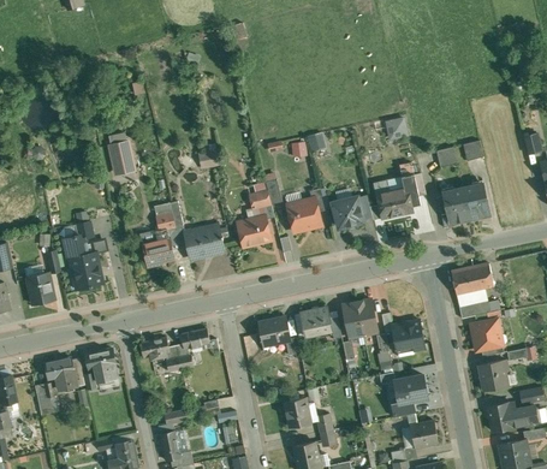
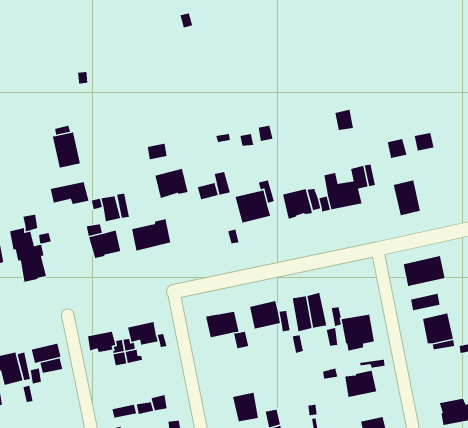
building: [463,183,489,219] -> none
building: none -> [50,181,89,205]
building: [237,215,270,247] -> [154,168,189,200]
building: [480,360,509,390] -> none

